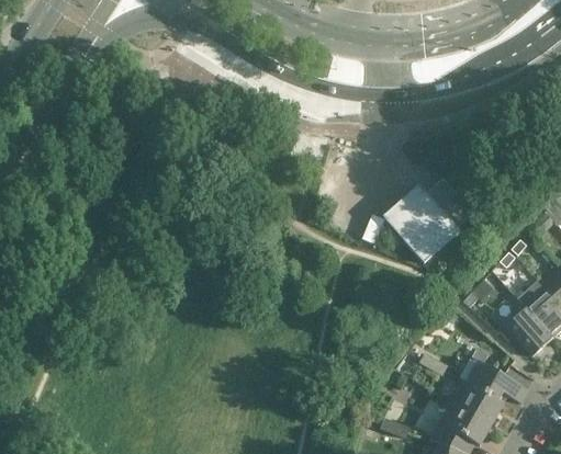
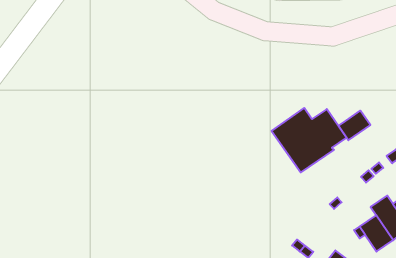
building: none -> [338,111,370,140]

